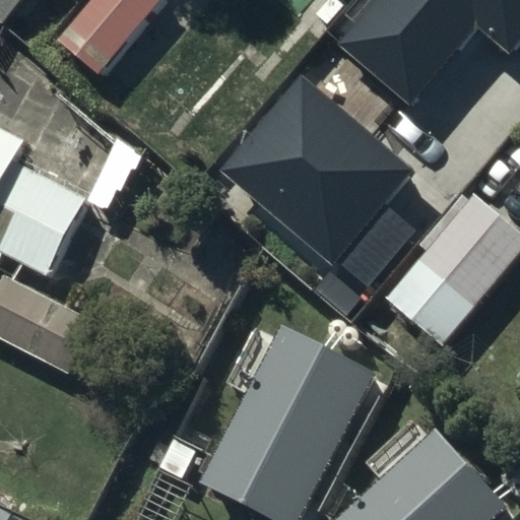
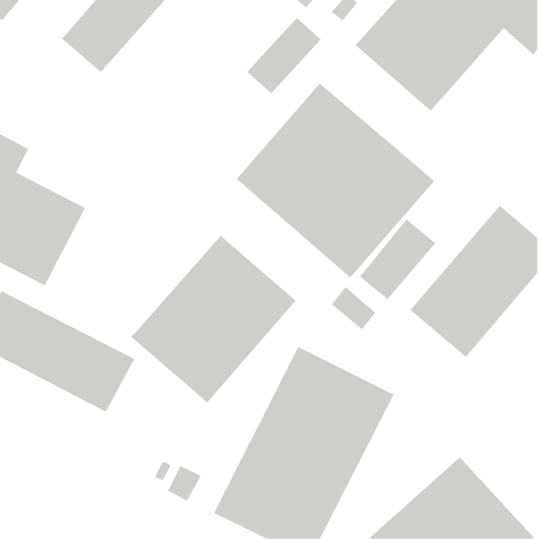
building: none -> [130,235,296,404]

